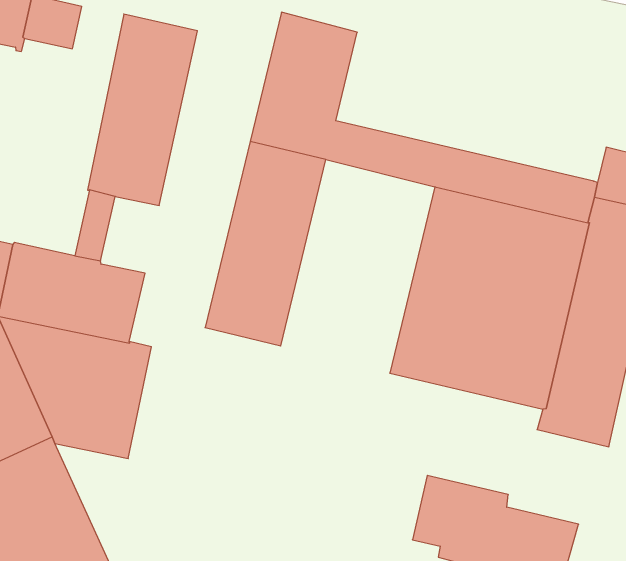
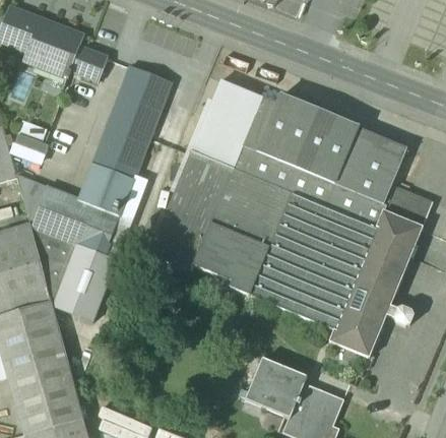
building: none -> [242,93,406,203]
building: none -> [190,167,293,295]
building: none -> [94,169,133,215]

